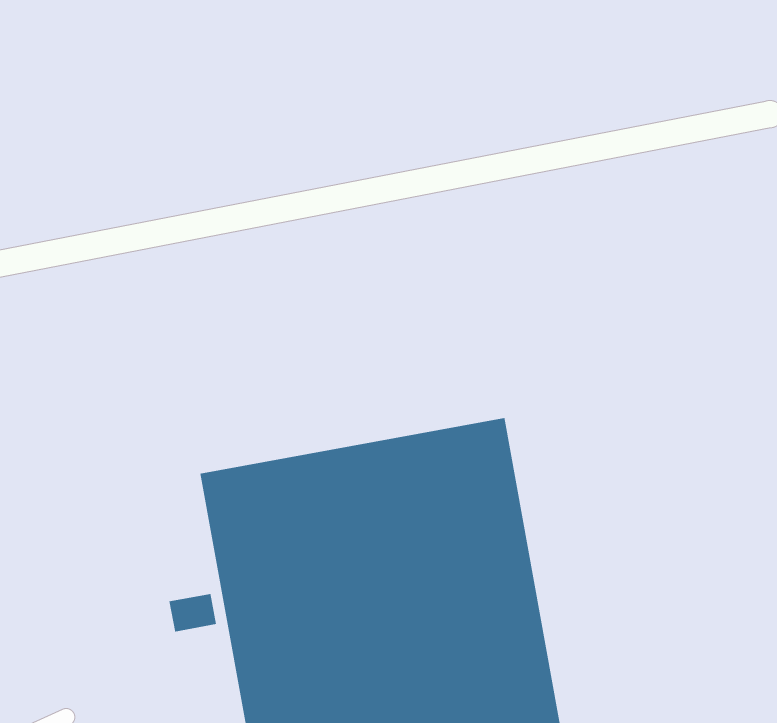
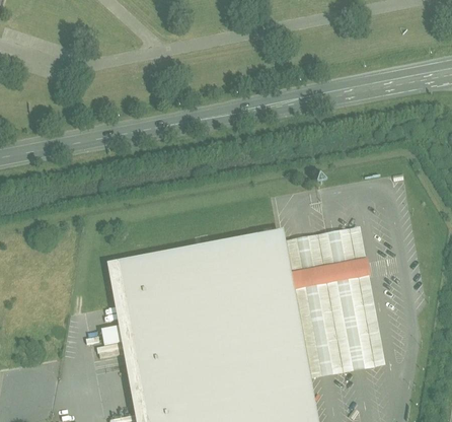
building: none -> [285,226,384,377]

